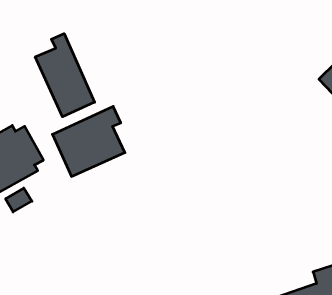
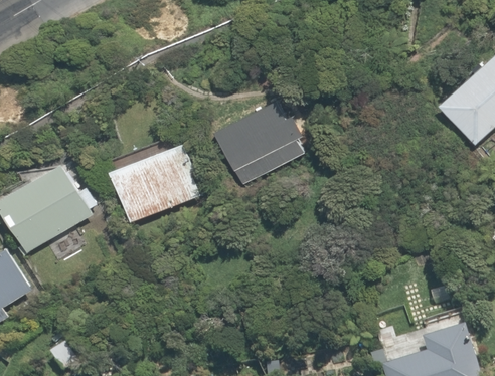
building: [35,34,95,117] -> none
building: none -> [213,98,303,186]

